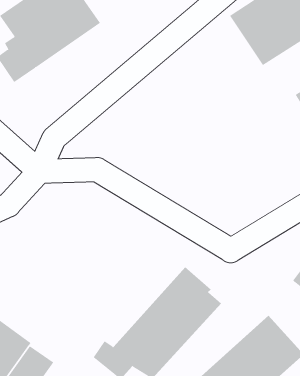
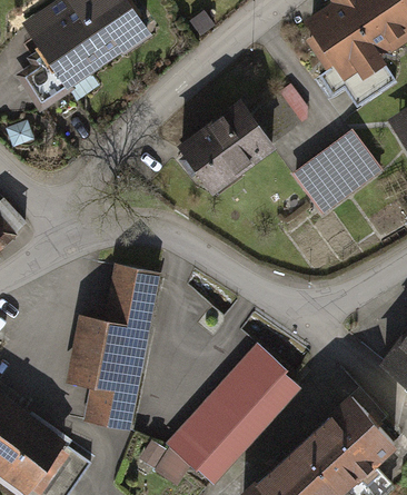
building: none -> [173,97,277,196]
building: none -> [292,127,384,212]
building: none -> [69,259,163,424]

